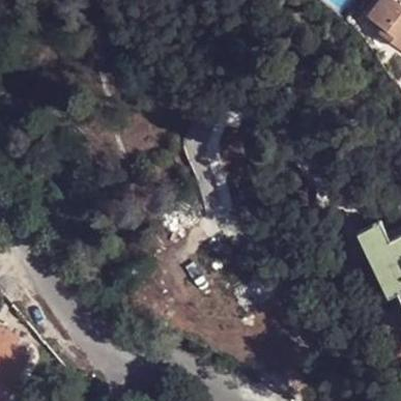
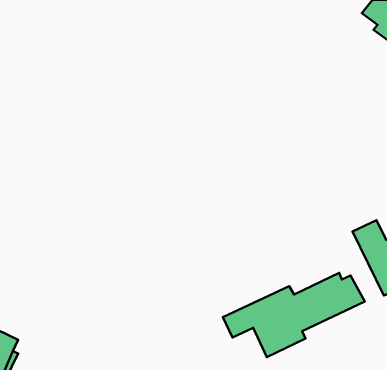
building: none -> [223,273,365,357]

